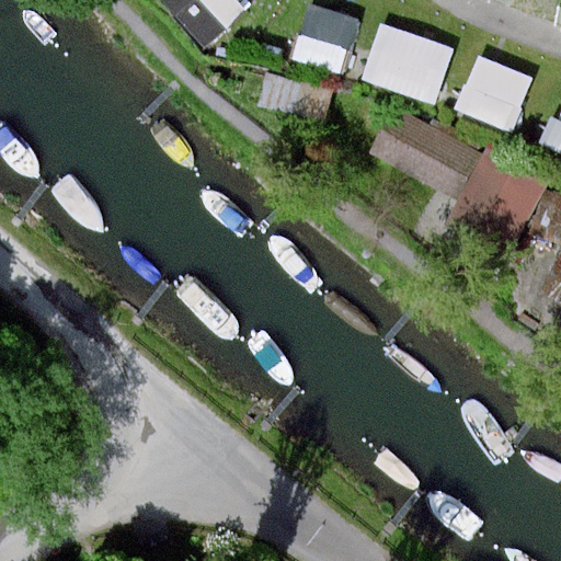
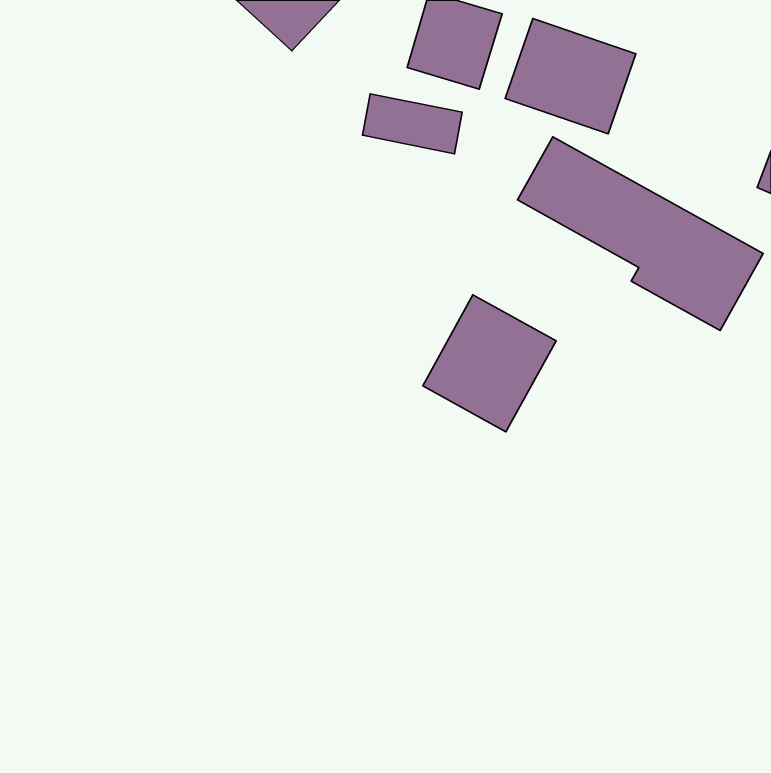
building: [454,53,534,133] -> none
building: none -> [423,295,556,432]

